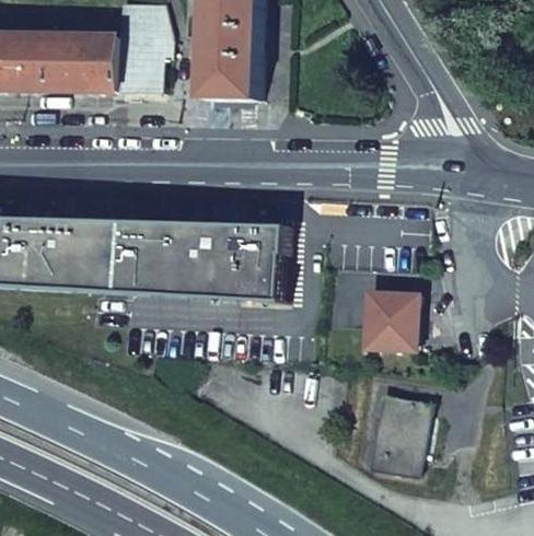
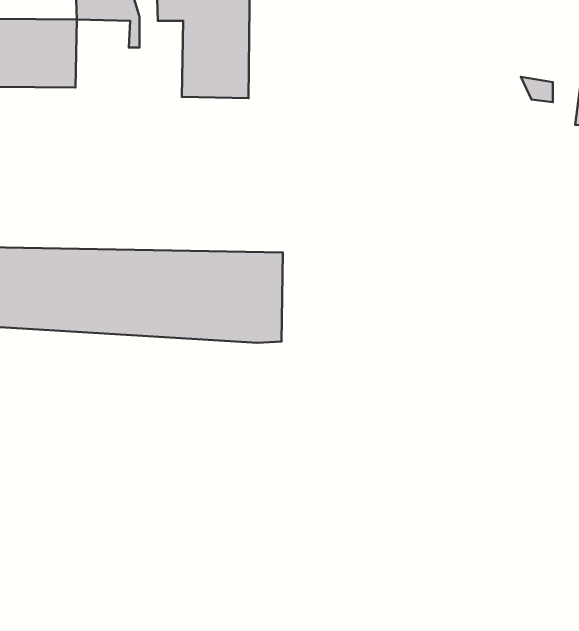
building: [117,32,162,89] -> none
building: [367,292,418,349] -> none
building: [370,397,429,475] -> none

